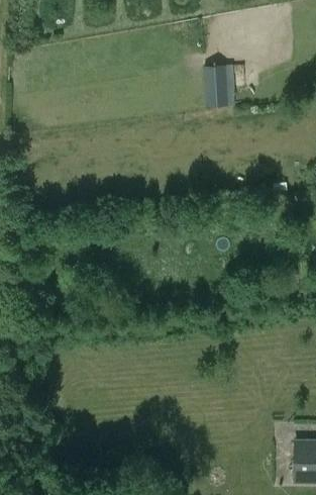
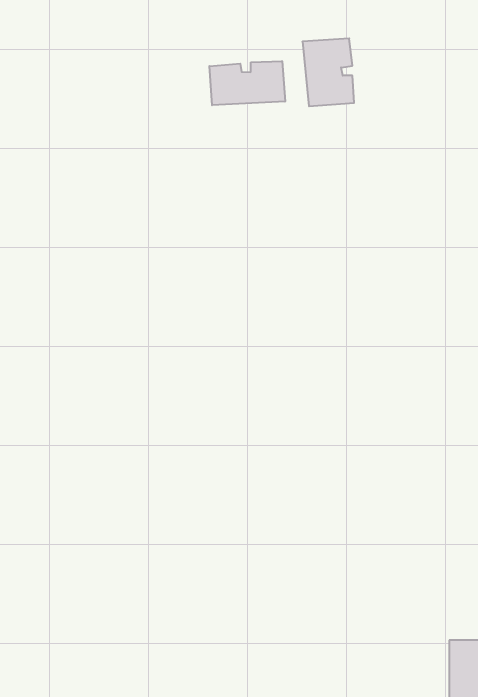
building: none -> [209,61,285,105]

